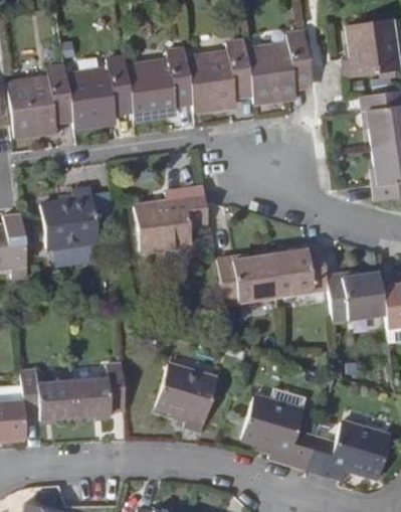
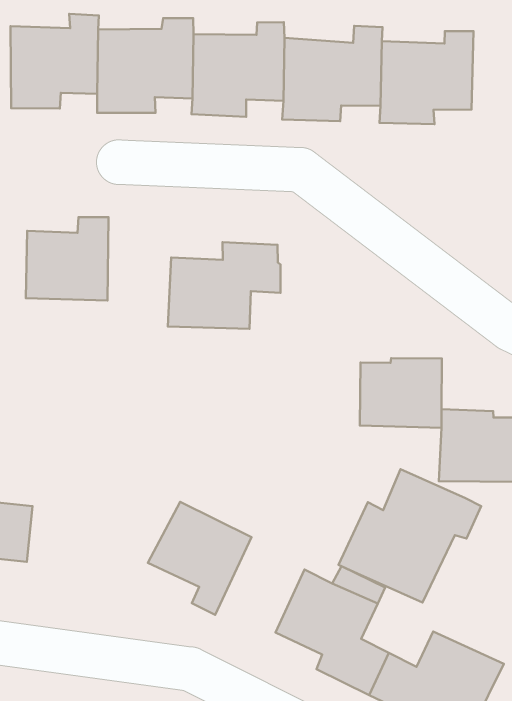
building: [216,254,274,304] -> none
building: none -> [339,469,481,603]
building: [74,364,130,418] -> none

